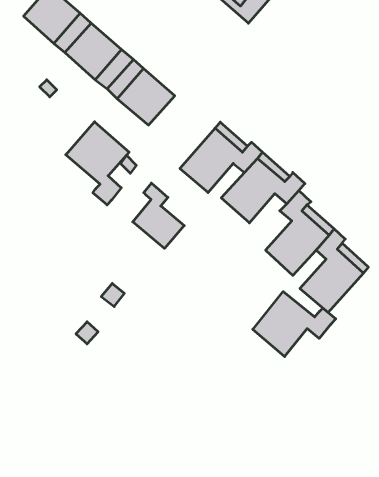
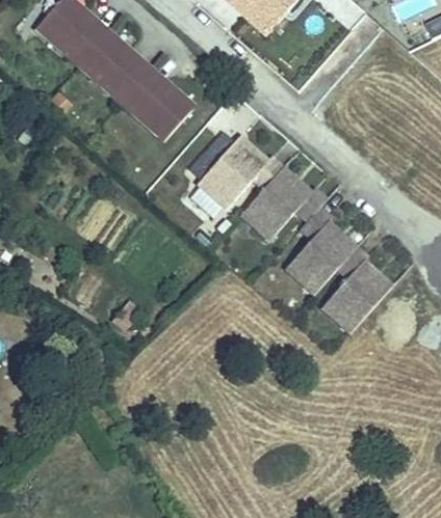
building: [66,122,129,205] -> none
building: [133,183,184,248] -> none
building: [253,292,336,357] -> none

